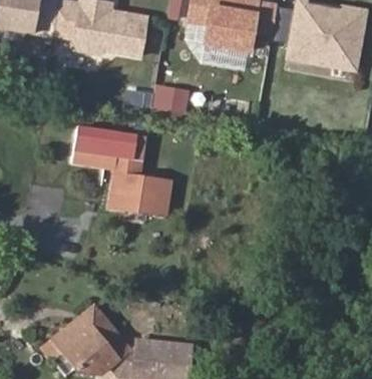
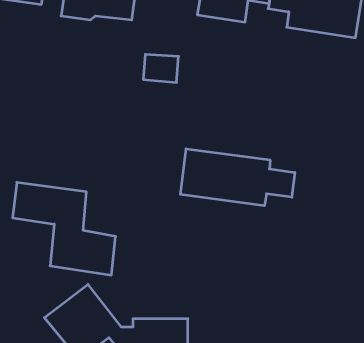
building: [70,130,169,220] -> [13,182,116,275]
building: none -> [180,149,295,206]

